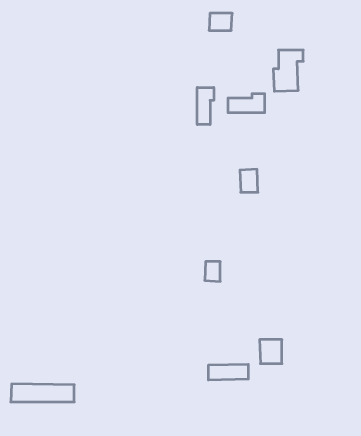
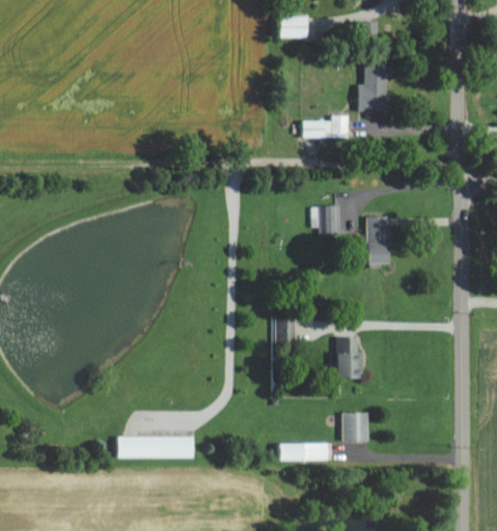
building: [197,87,214,125] -> none
building: none -> [367,216,390,263]
building: none -> [336,337,362,379]
building: [11,384,74,402] -> [117,437,194,458]

